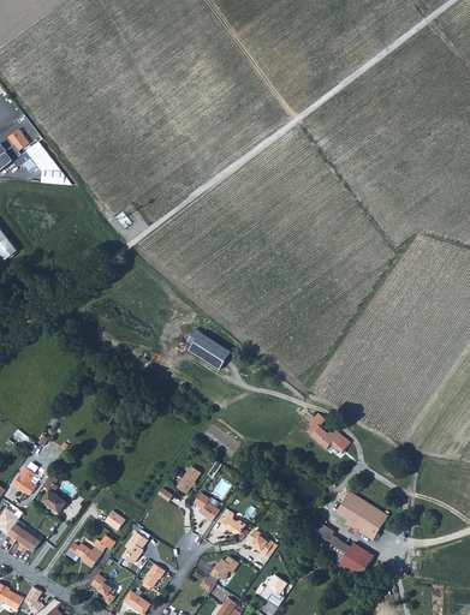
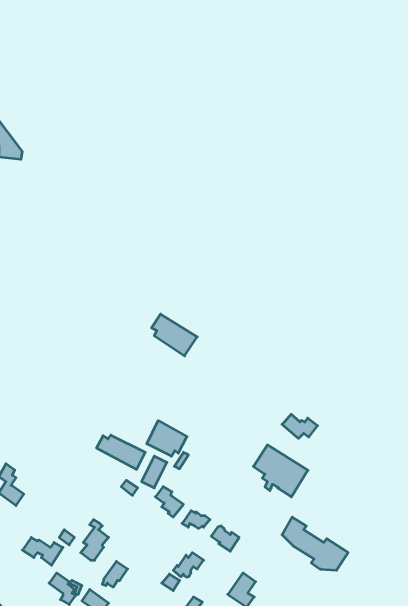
building: none -> [147,421,187,456]
building: none -> [97,435,145,469]
building: [337,491,388,541] -> [253,445,308,497]

